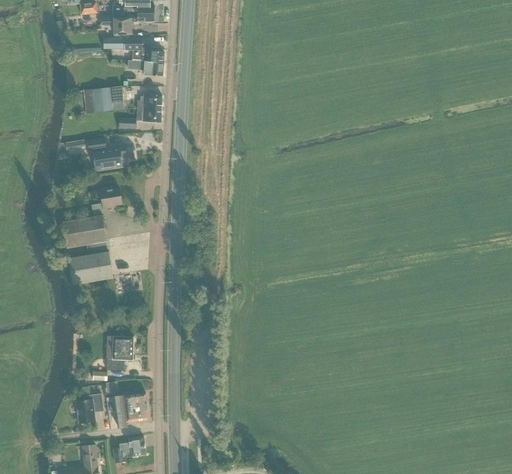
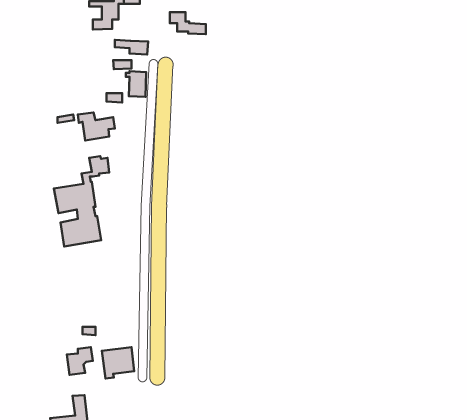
building: [124,38,163,62] -> [170,12,206,34]
building: [83,86,123,113] -> none
building: [106,335,133,370] -> none
building: [112,436,145,462] -> none

